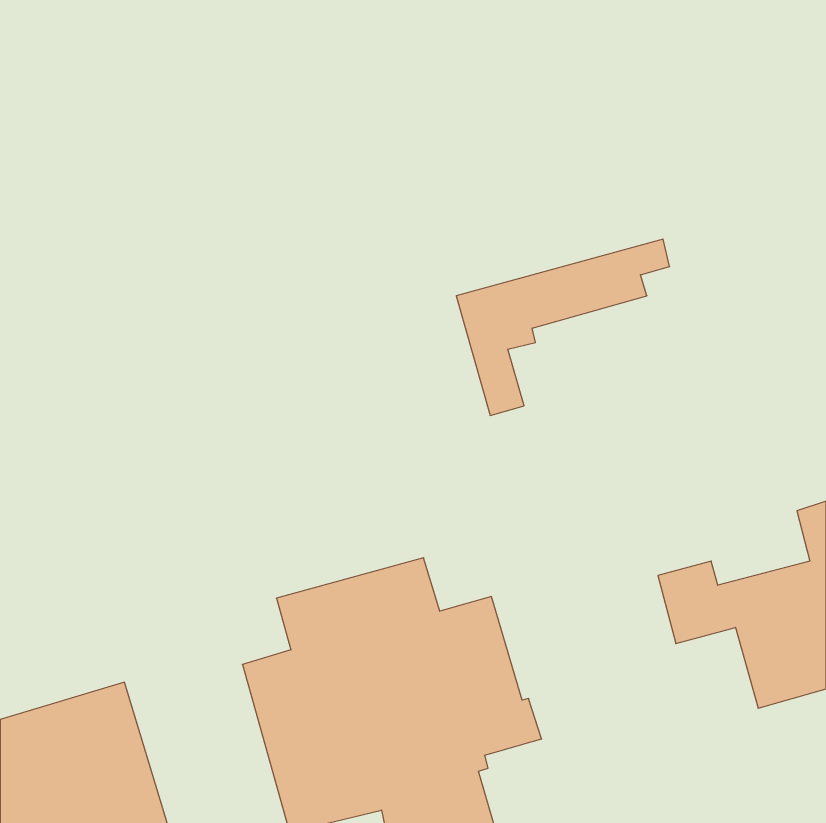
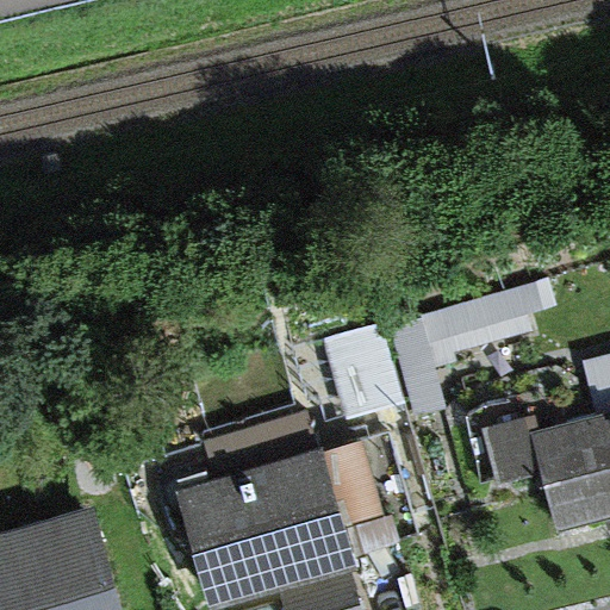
building: [456,239,670,415] -> [393,285,550,415]
building: none -> [324,325,407,421]

